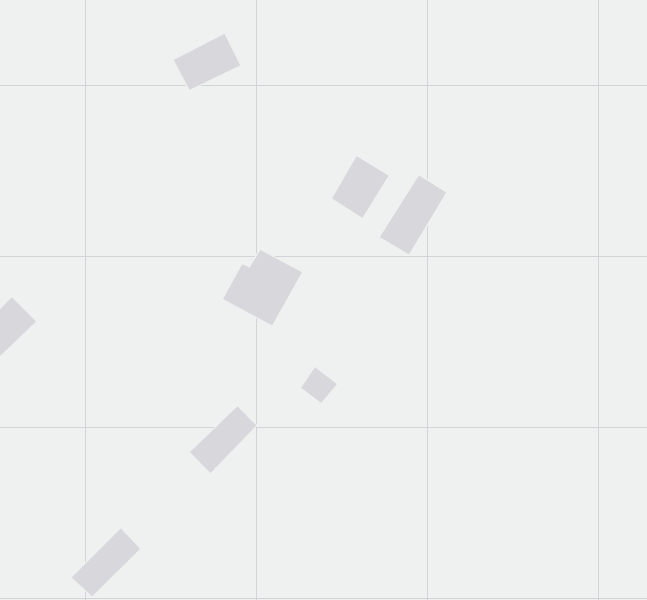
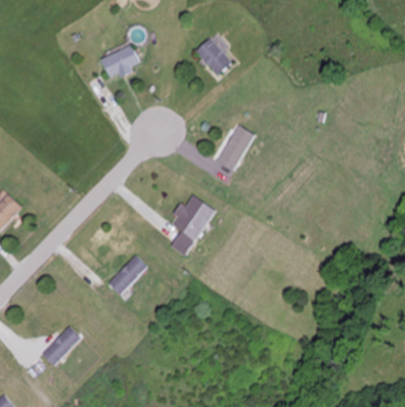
building: none -> [195,37,232,74]
building: [331,155,390,219] -> none
building: [222,249,303,326] -> [170,195,216,239]

